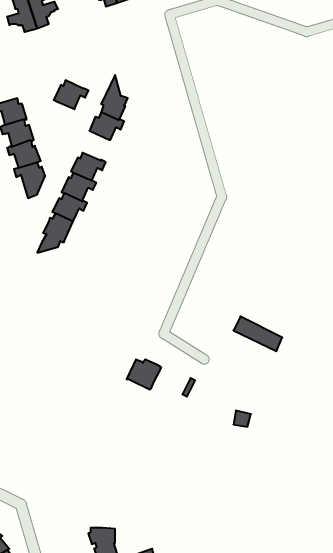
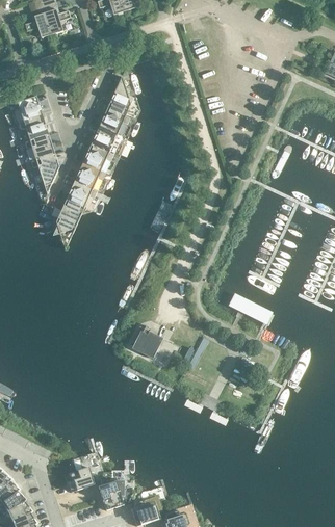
building: [54,80,89,109] -> [89,127,121,153]
building: none -> [65,467,94,492]

